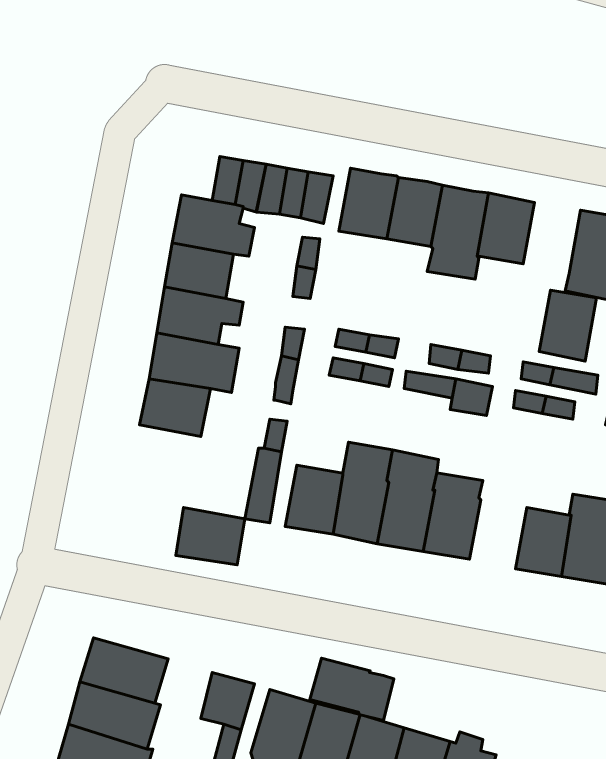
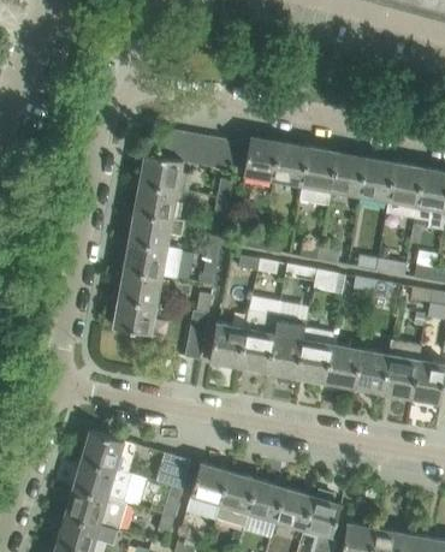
building: [539,290,597,361] -> [358,159,394,203]
building: none -> [325,345,361,388]
building: [176,507,245,565] -> [113,298,156,334]
building: [310,658,394,721] -> none

